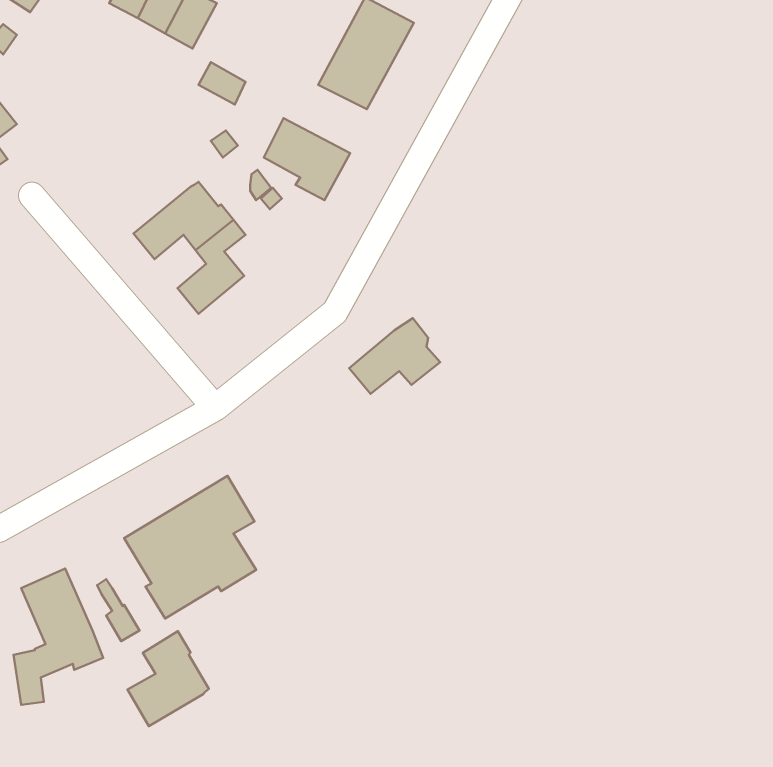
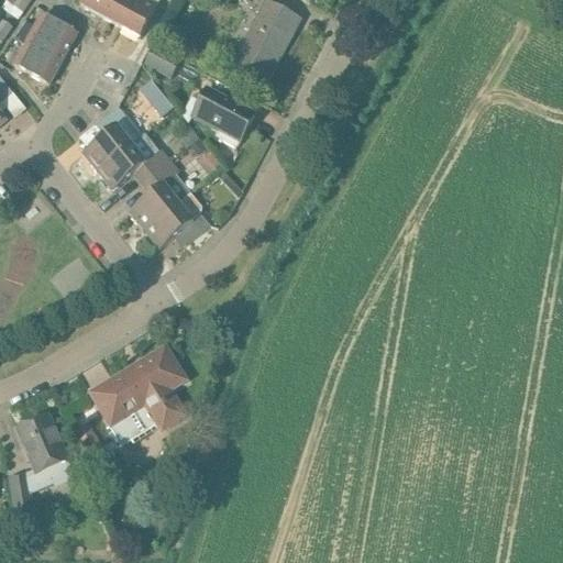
building: none -> [13,11,77,82]
building: none -> [81,107,139,169]
building: [349,318,440,394] -> [144,191,210,246]
building: [127,631,209,726] -> none

